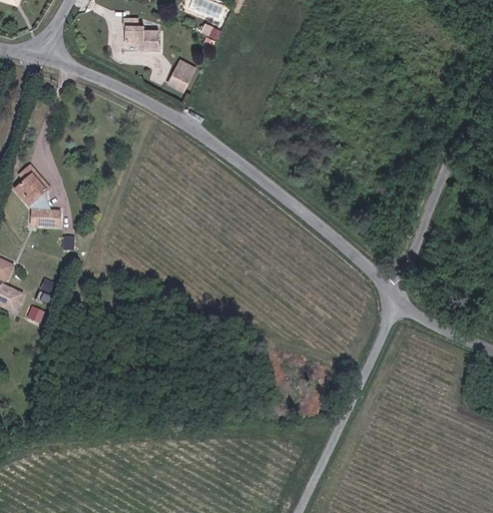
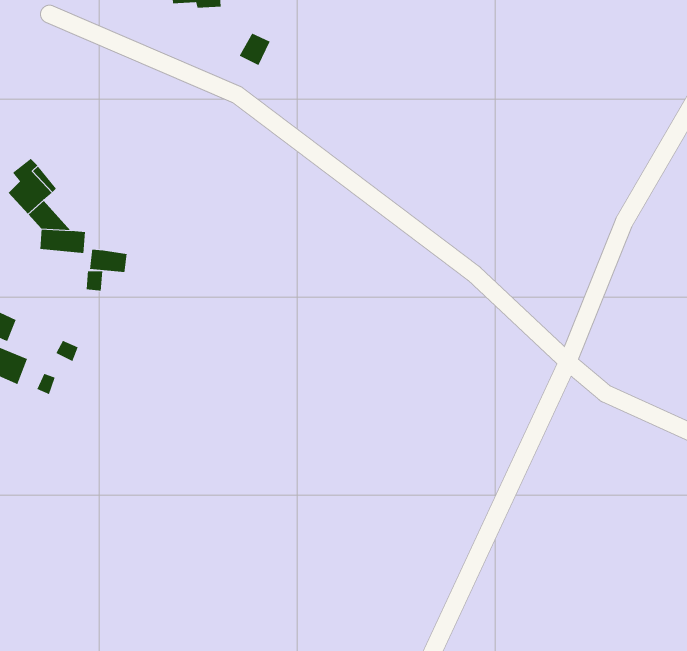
building: none -> [89,249,127,273]

